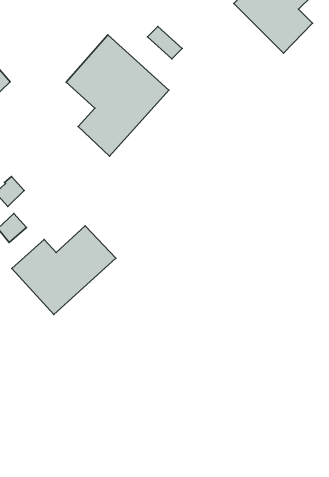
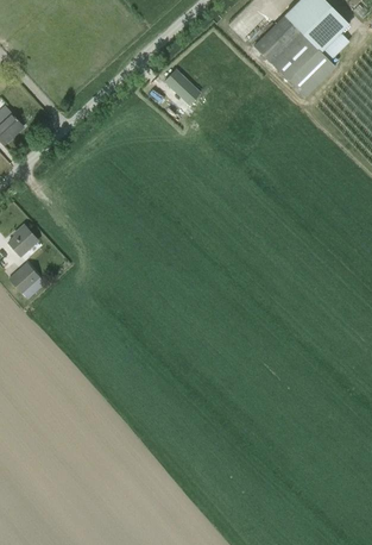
building: [66,35,169,156] -> none
building: [12,226,116,315] -> none

